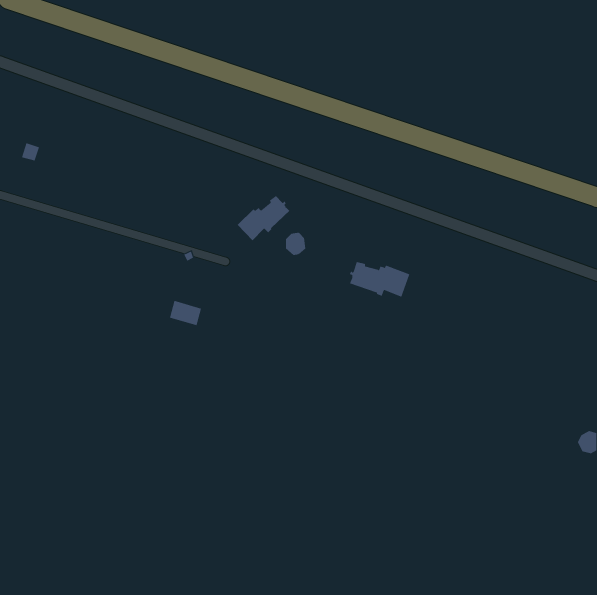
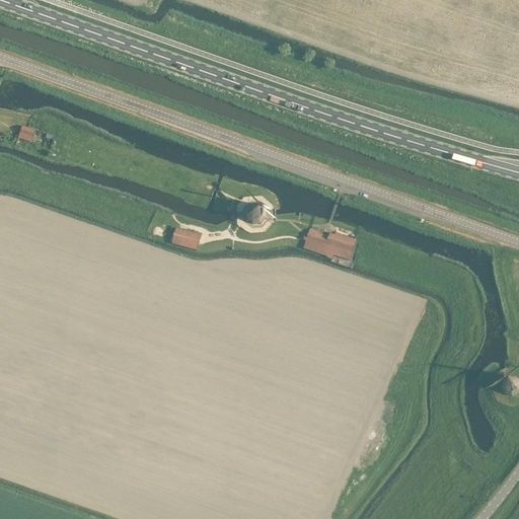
building: [237,195,290,241] -> none
building: [169,300,202,326] -> [172,227,201,249]

